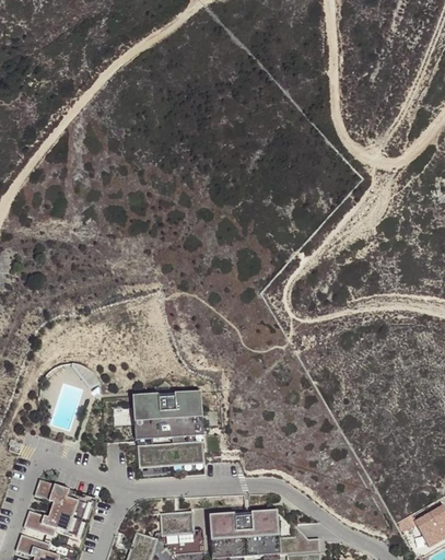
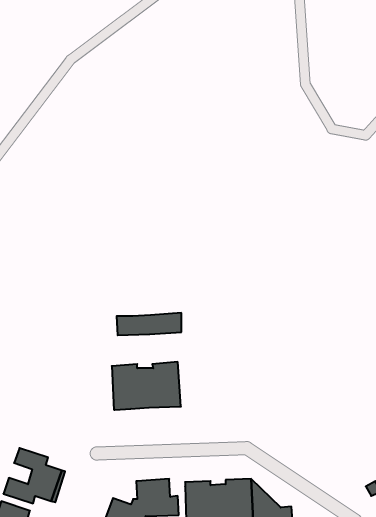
building: [138,441,204,464] -> [117,313,181,335]

